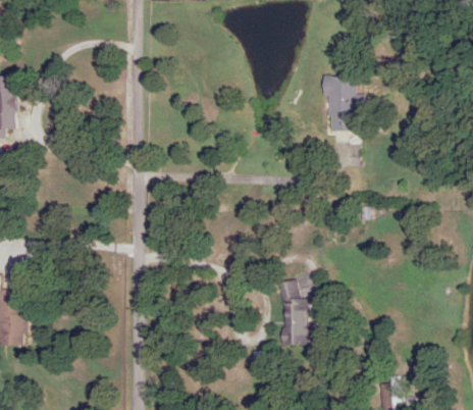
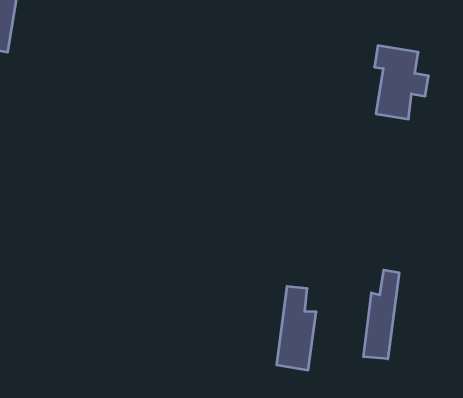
building: none -> [363,270,399,359]

